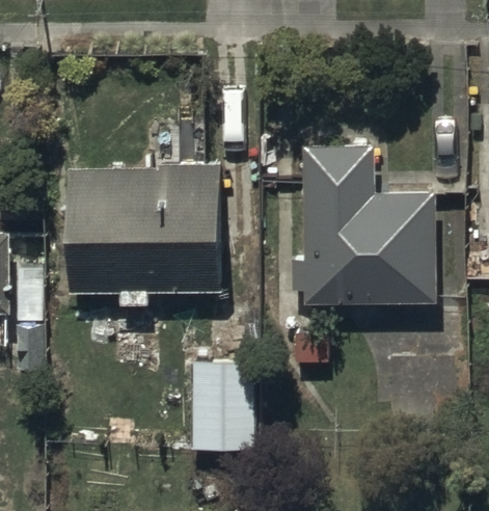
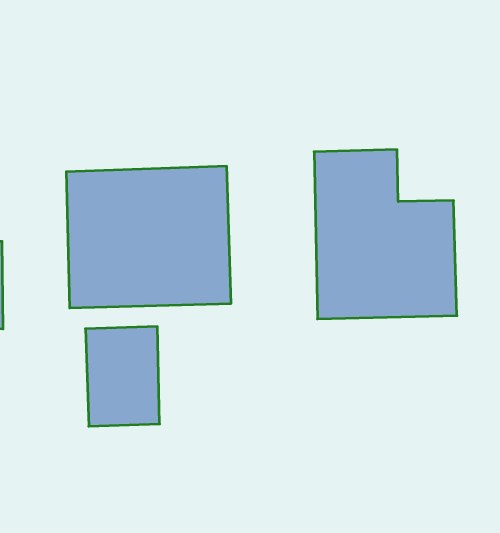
building: [189,358,259,452] -> [85,327,160,426]

